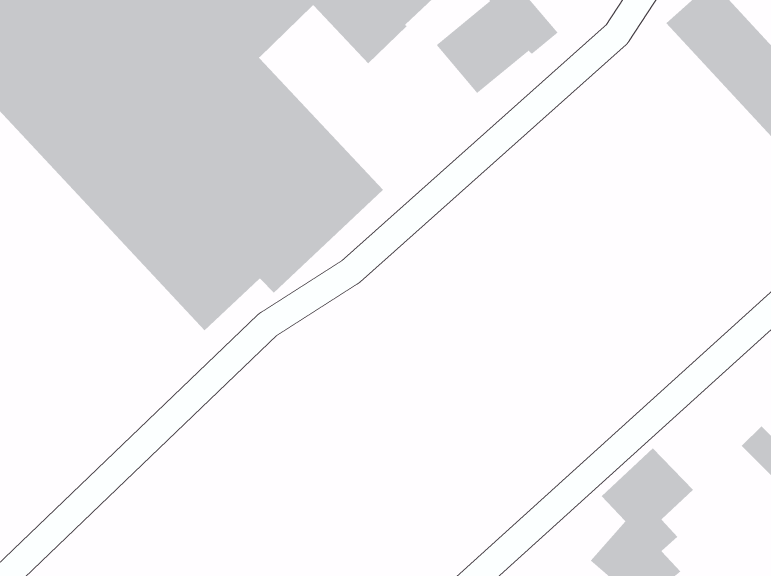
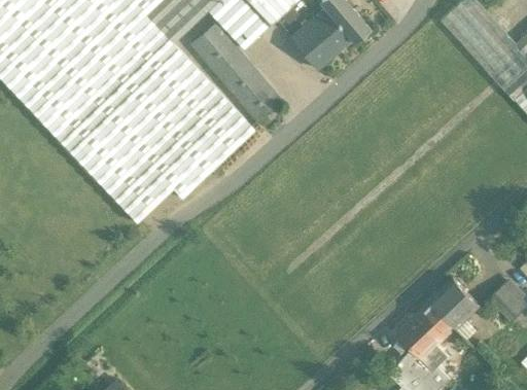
building: none -> [189,22,282,120]
building: none -> [430,278,480,327]

